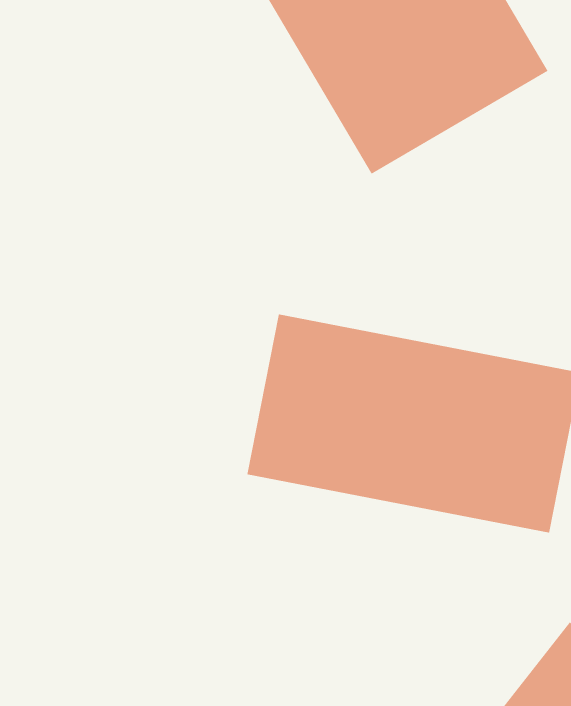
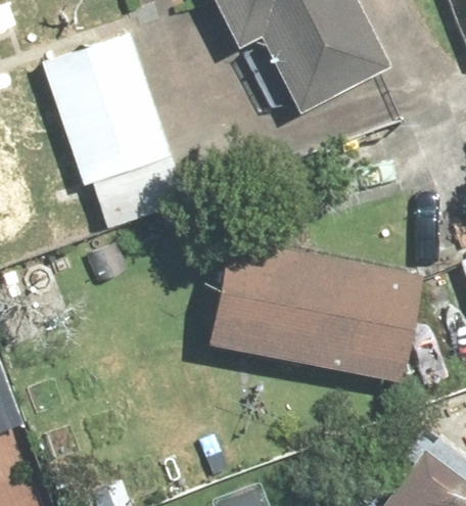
building: none -> [43,24,179,191]

